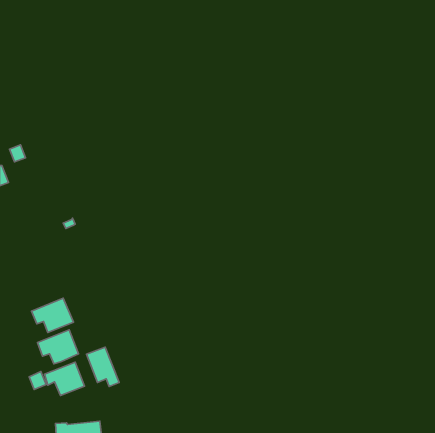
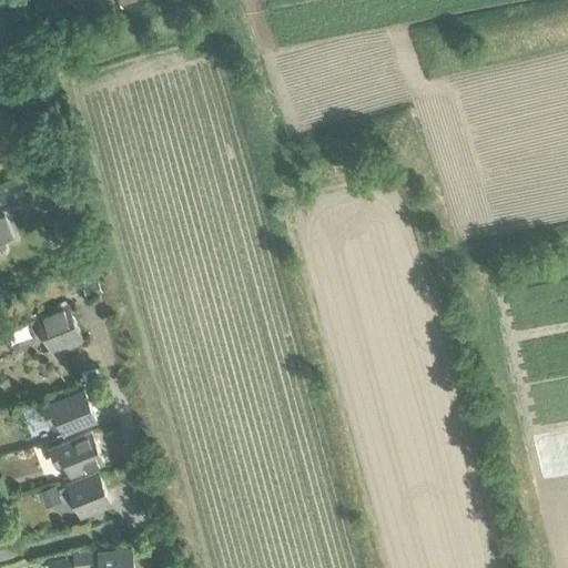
building: none -> [28,308,80,352]
building: [86,347,119,386] -> none

